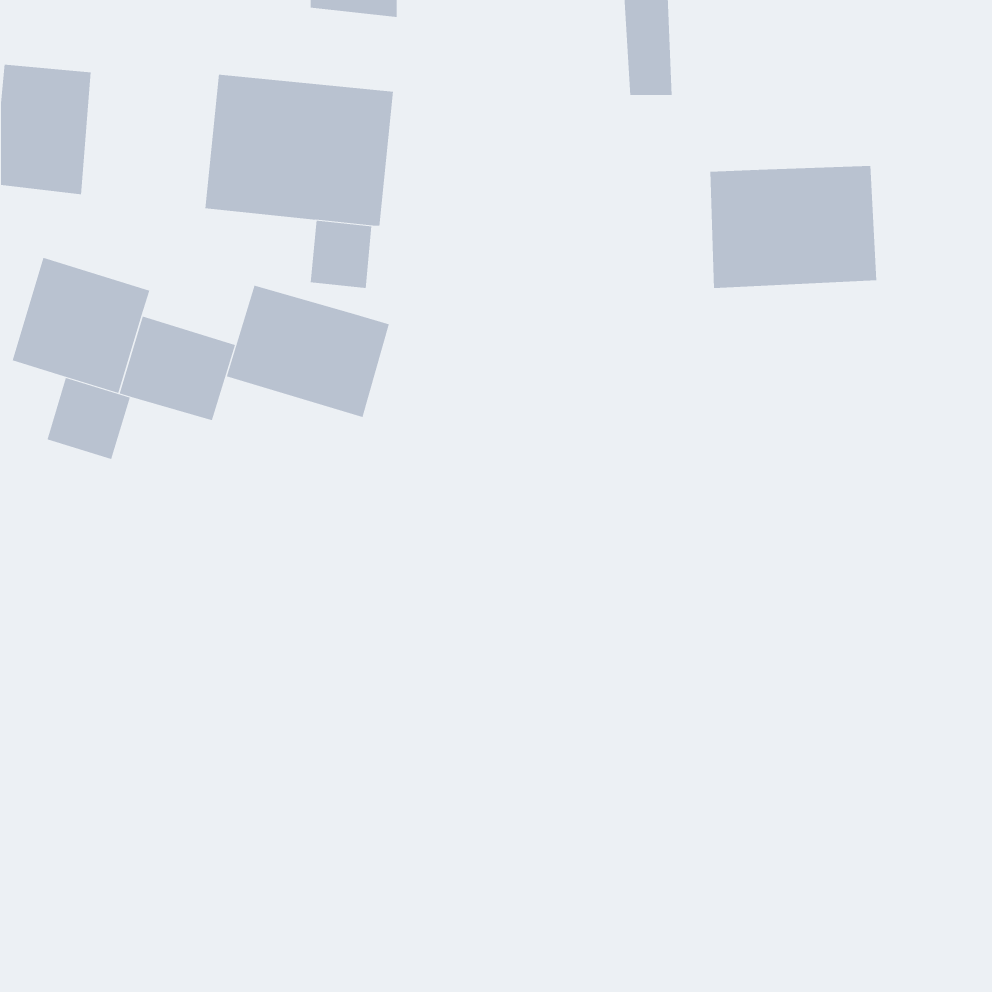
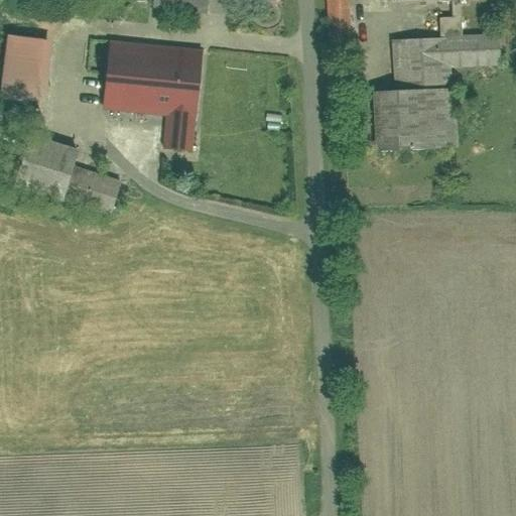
building: none -> [392,33,499,88]
building: [226,285,389,418] -> none
building: [47,377,130,460] -> none

